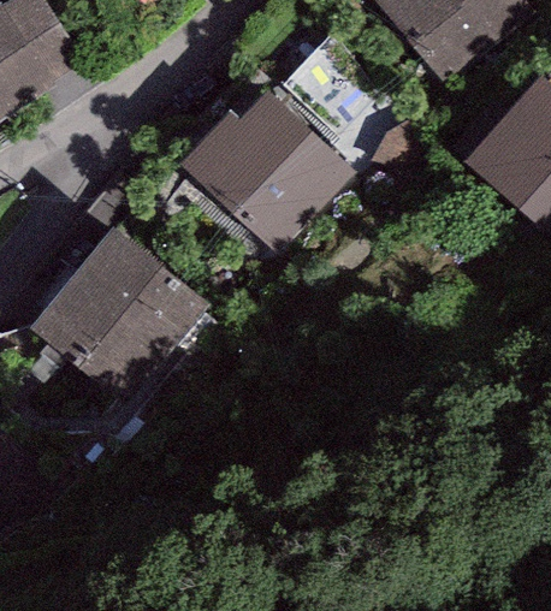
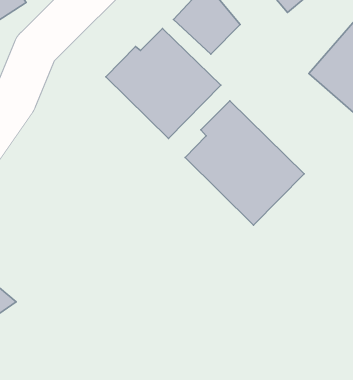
building: none -> [185,101,304,225]
building: [41,235,196,388] -> none

